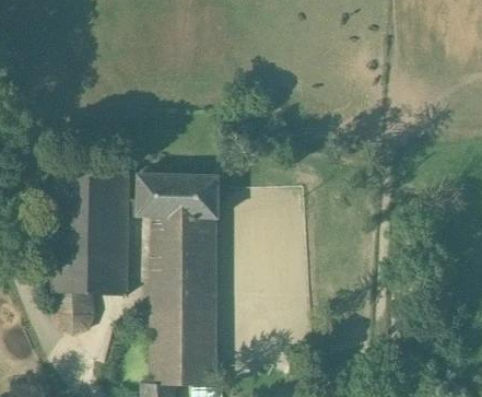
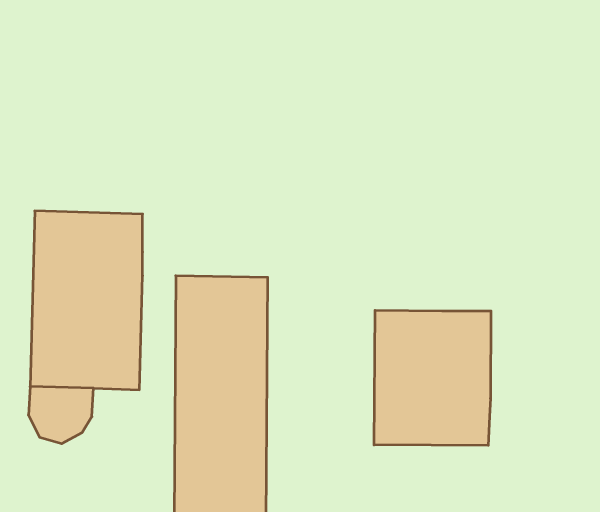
building: [128,174,216,217] -> none
building: none -> [374,310,491,445]

